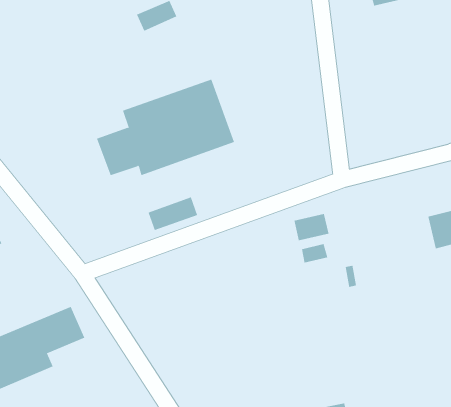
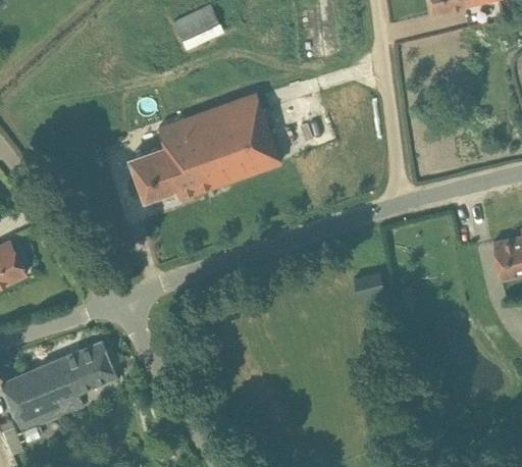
building: [148,197,198,231] -> none
building: [294,213,329,241] -> none

